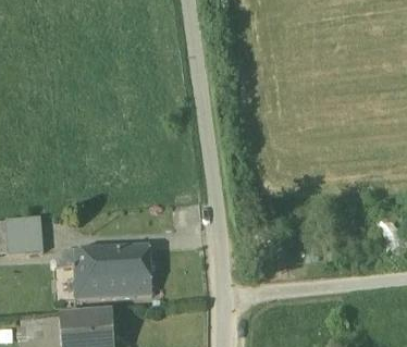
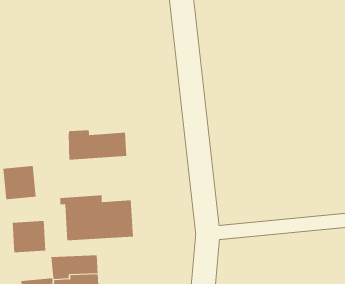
building: none -> [68,129,127,161]
building: none -> [12,220,46,253]

